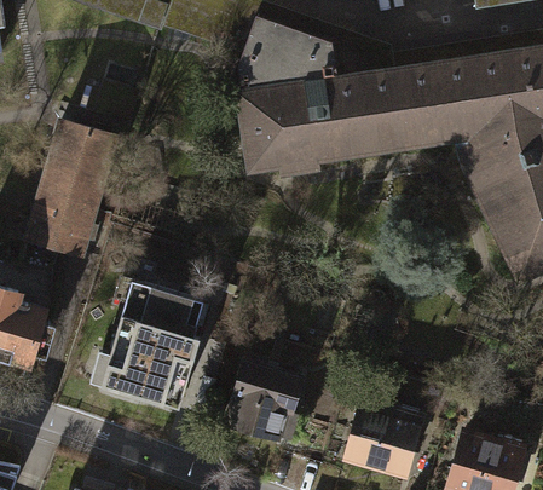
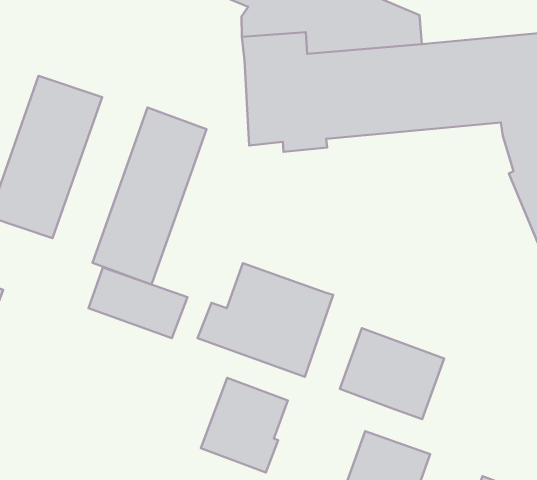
building: none -> [93,107,207,285]
building: [88,313,200,405] -> [198,263,333,377]
building: none -> [340,328,444,419]

